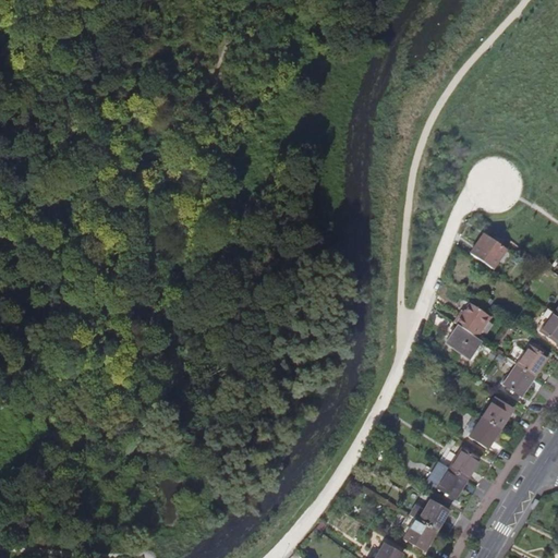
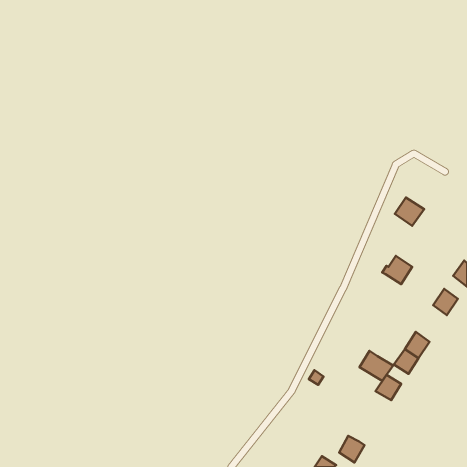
building: [449,327,483,360] -> none
building: [504,364,533,395] -> none
building: [426,460,466,496] -> [359,351,393,381]
building: [409,500,447,531] -> none

